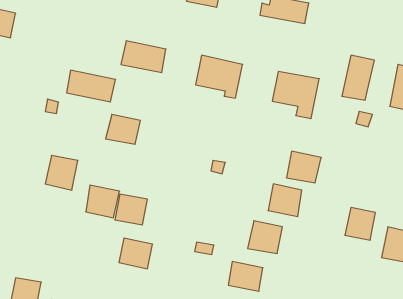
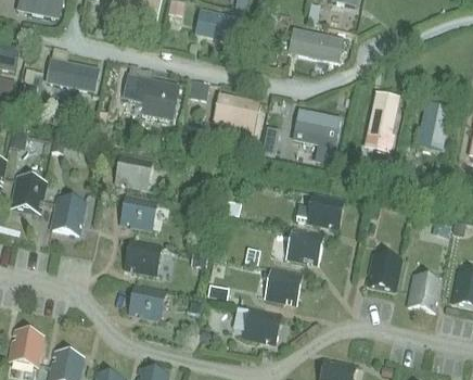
building: [67,70,116,102] -> [46,59,98,92]
building: none -> [10,176,43,211]
building: [86,185,120,218] -> [120,192,156,227]

